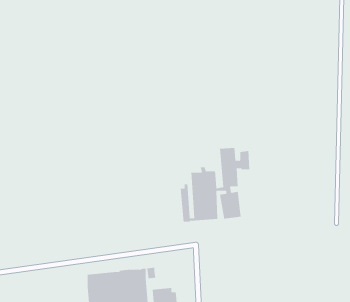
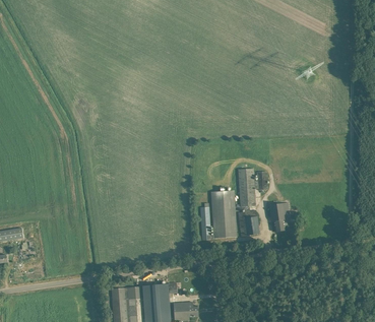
building: none -> [269,203,291,232]

